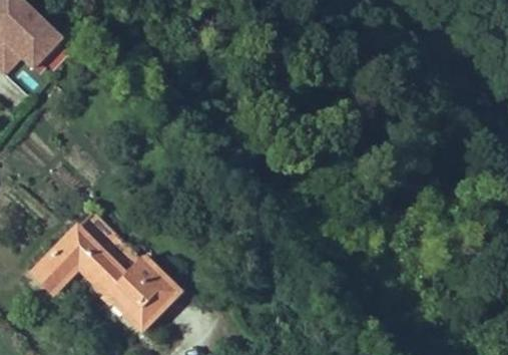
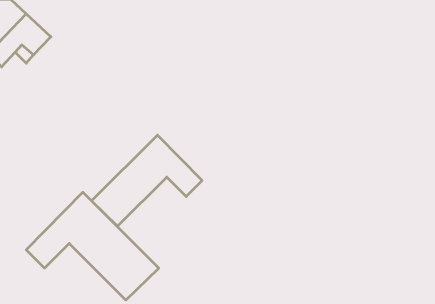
building: none -> [92,135,202,226]

